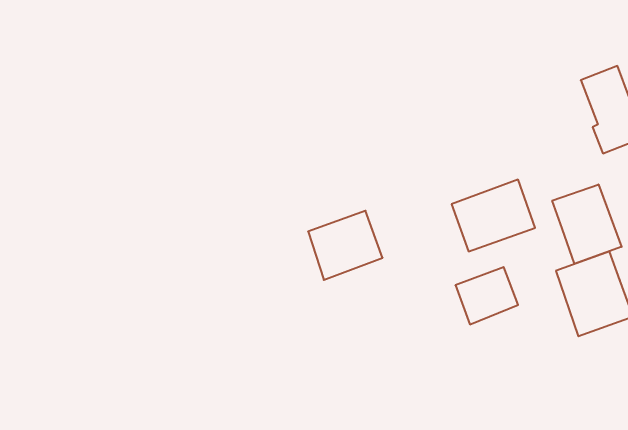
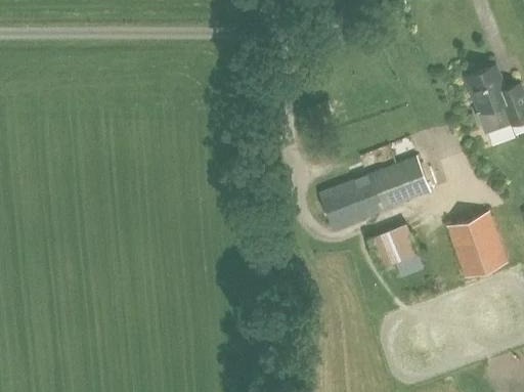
building: [552,184,622,264] -> none
building: [308,211,383,280] -> [320,175,379,229]

